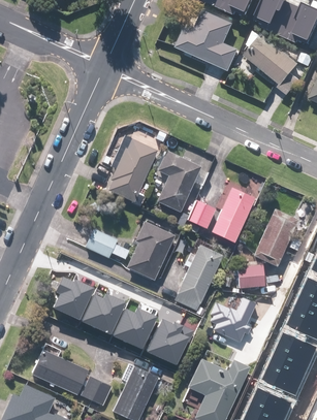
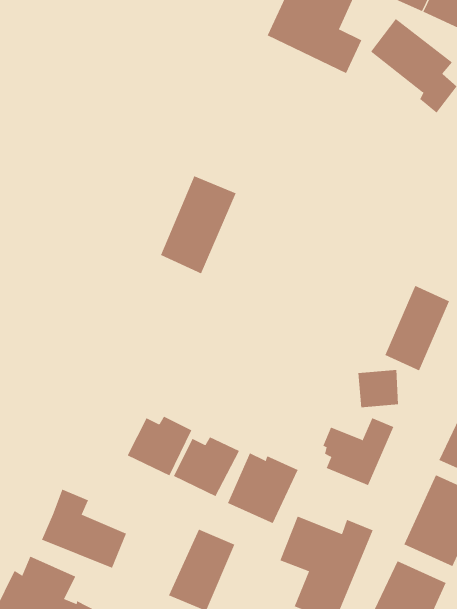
building: [157,152,209,213] -> none
building: [210,188,253,243] -> none
building: [189,201,215,228] -> none
building: [128,222,173,280] -> none
building: [86,229,118,259] -> none
building: [175,246,222,310] -> none
building: [58,274,98,320] -> none
building: [83,377,110,403] -> none

